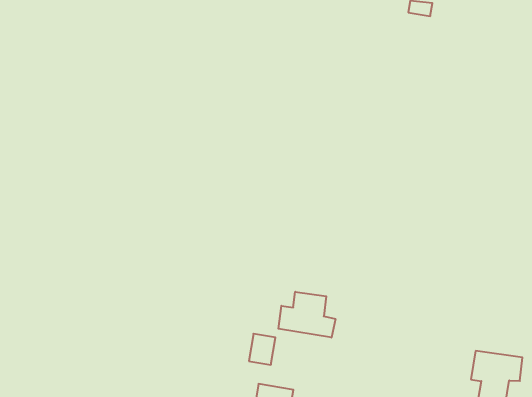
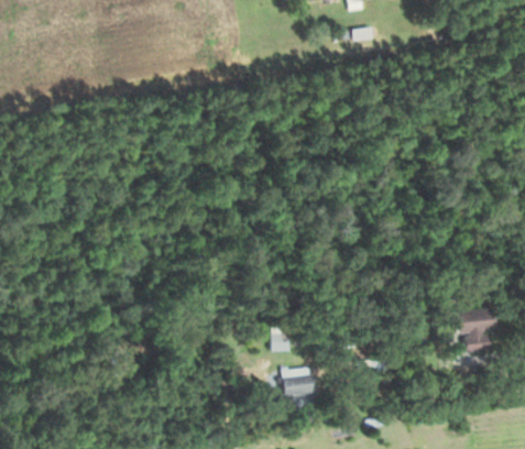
building: [278,292,335,338] -> none

